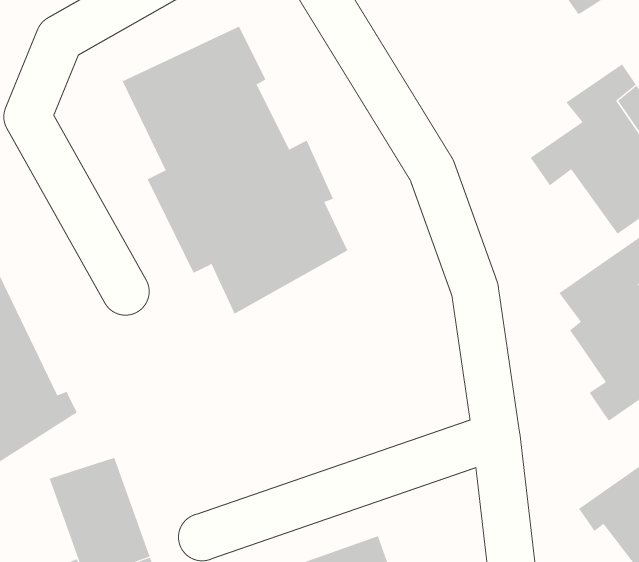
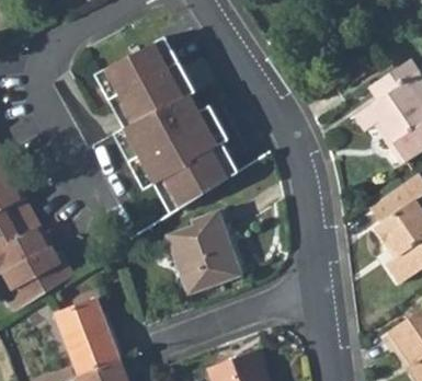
building: none -> [168,209,247,290]

